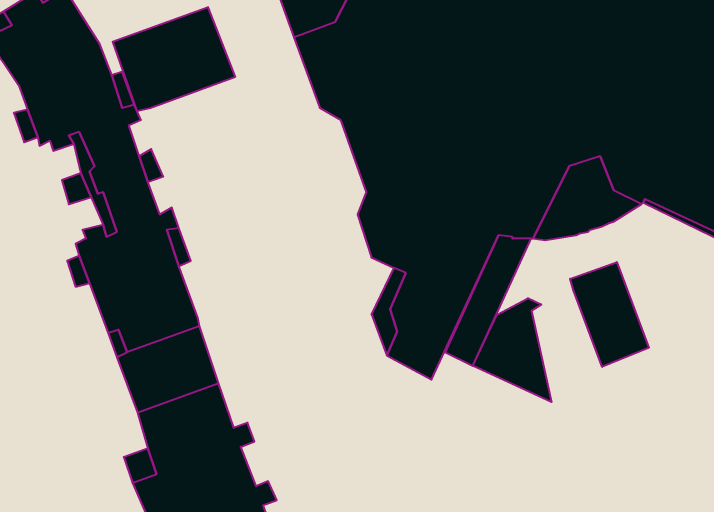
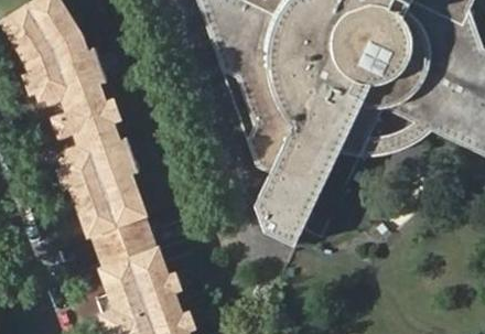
building: [113,7,235,111] -> none
building: [570,262,649,367] -> none
building: [473,298,552,402] -> none

